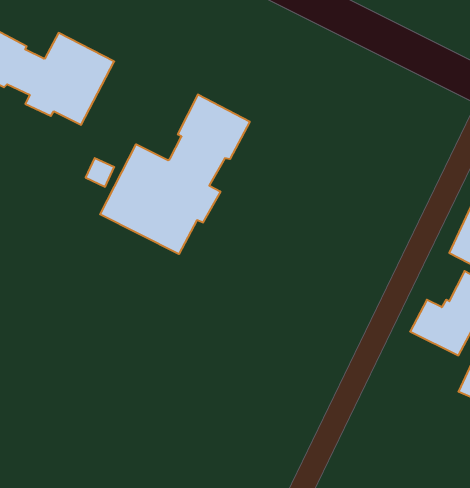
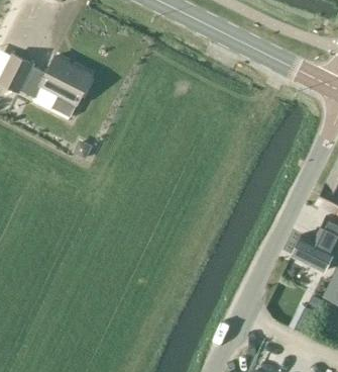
building: [100,94,250,254] -> none

